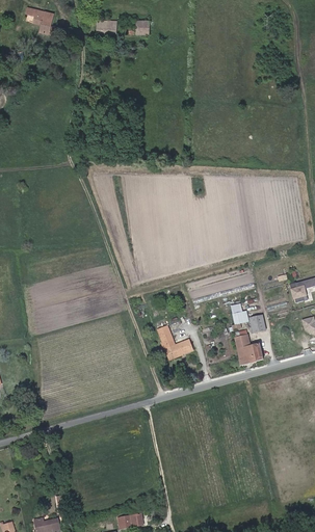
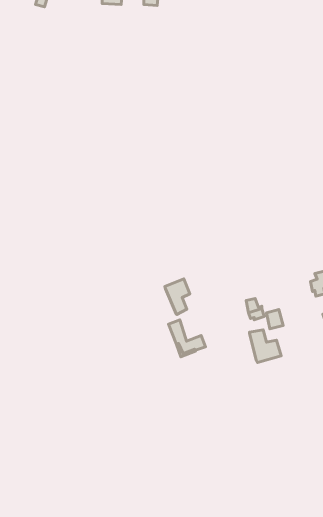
building: none -> [165,279,190,315]

